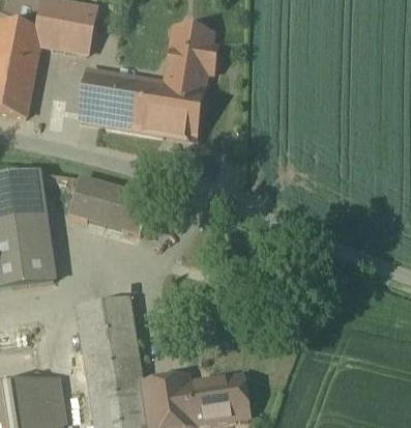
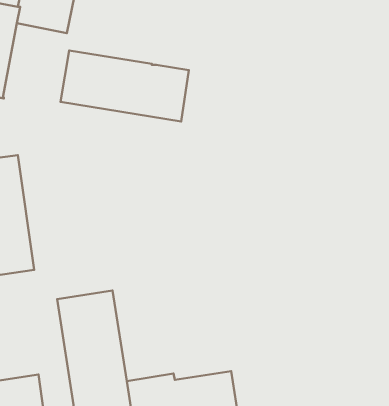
building: [167,27,215,88] -> none
building: [69,176,150,232] -> none

